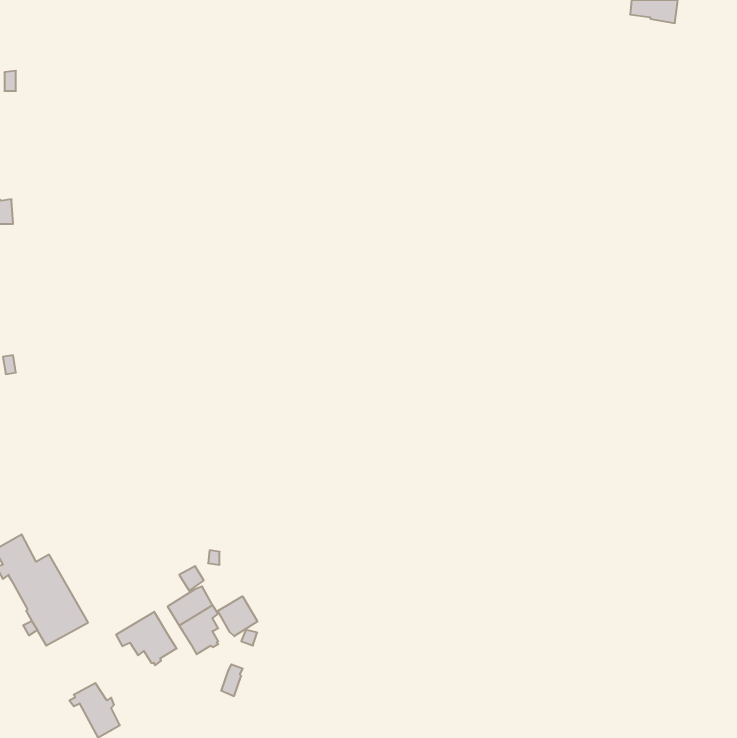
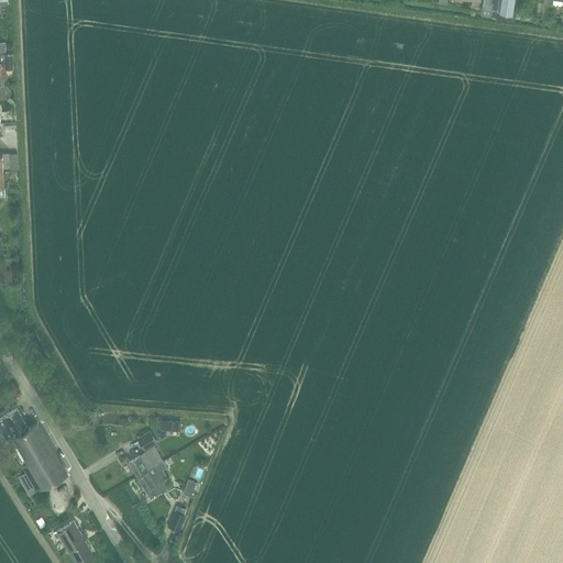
building: [218,596,257,636] -> none
building: [116,612,177,665] -> none

